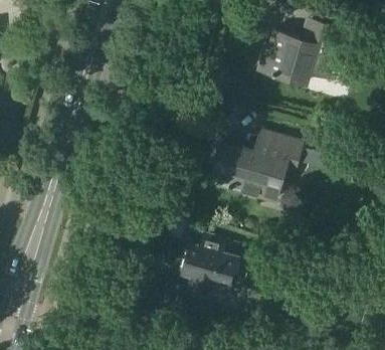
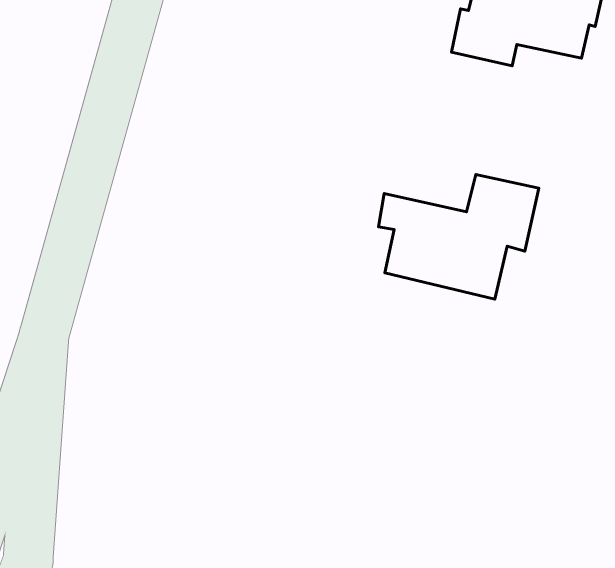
building: [180,230,246,297] -> none

